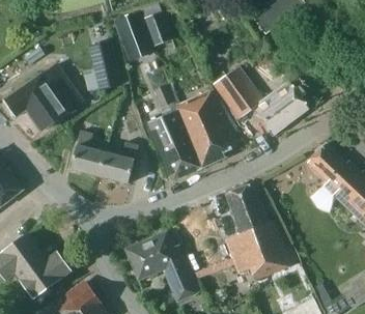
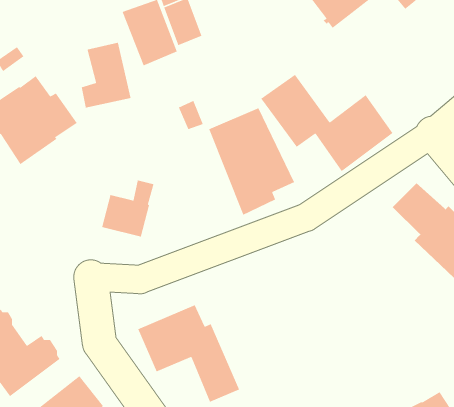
building: [147,111,200,180] -> none
building: [71,131,105,176] -> none
building: [225,184,289,279] -> none

